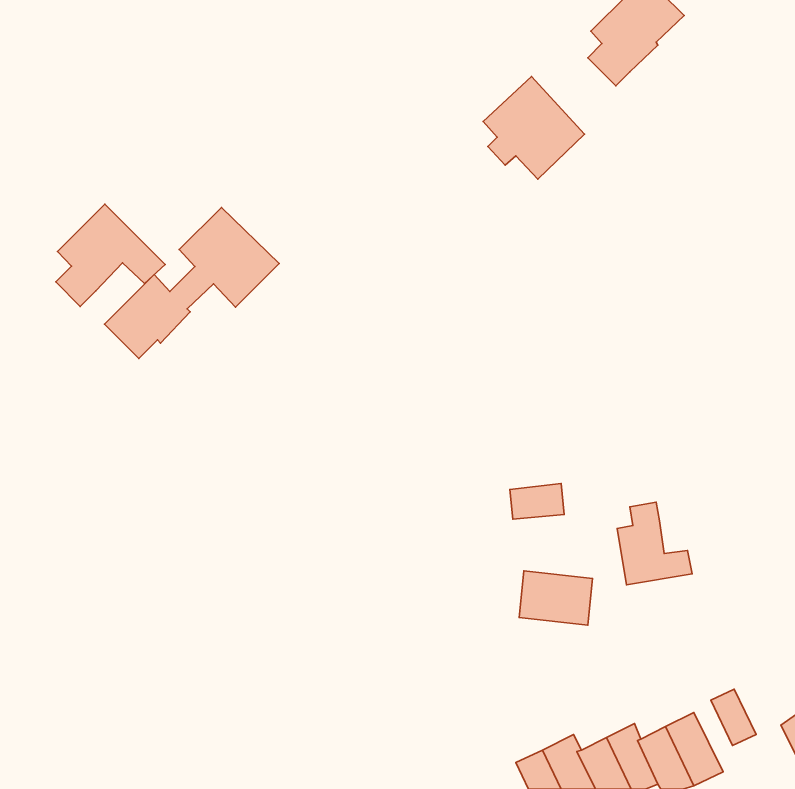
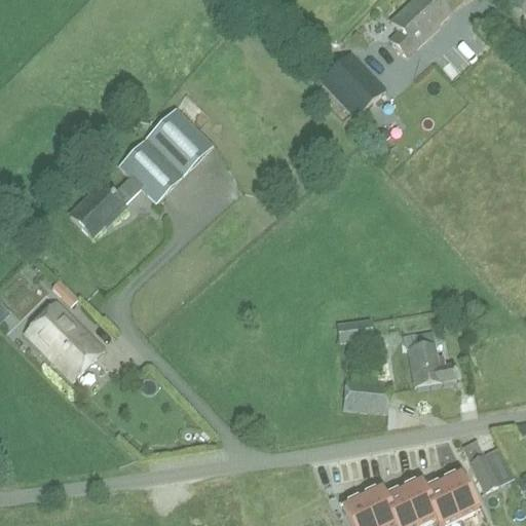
building: none -> [147,110,212,174]
building: [56,204,165,307] -> none
building: none -> [26,301,103,378]

